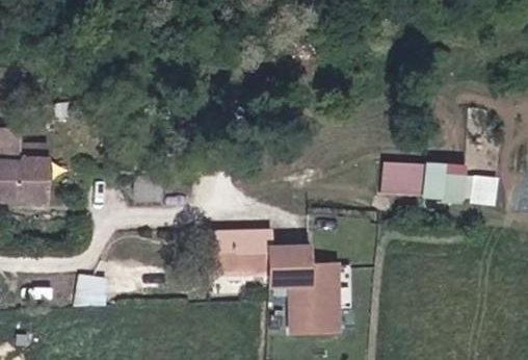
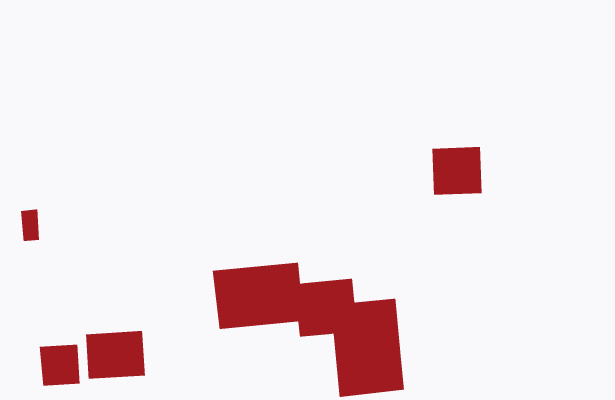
building: [415,159,496,202] -> none
building: none -> [85,330,145,380]

